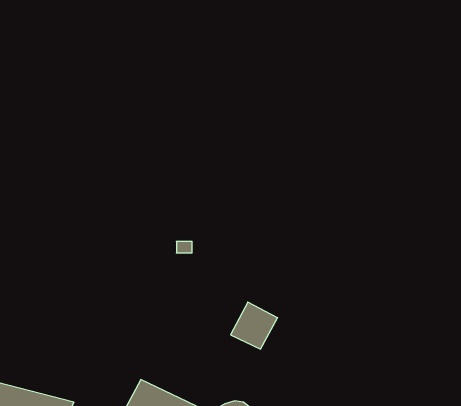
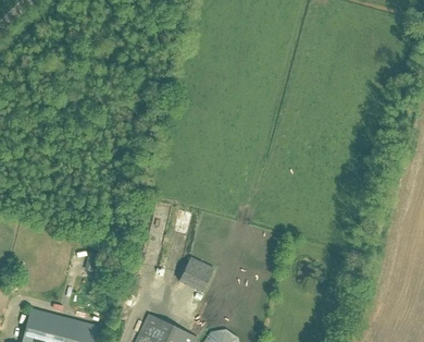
building: [231,302,278,349] -> [179,256,215,292]

